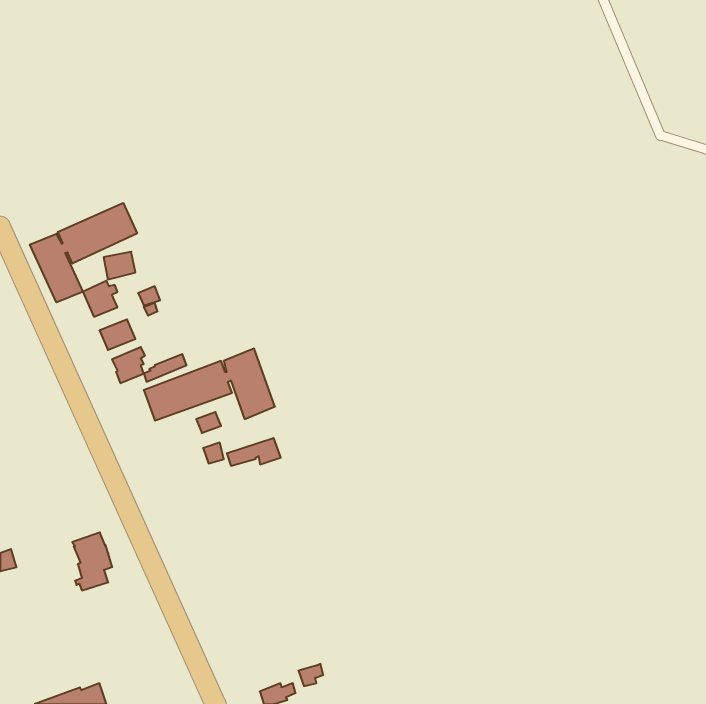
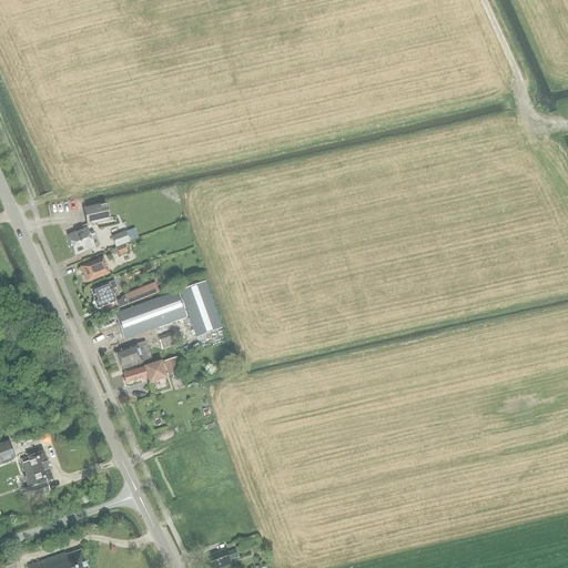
building: [30,203,137,302] -> none
building: none -> [114,339,151,368]
building: [227,438,281,466] -> [122,361,165,383]
building: [72,532,112,590] -> [20,450,52,497]

